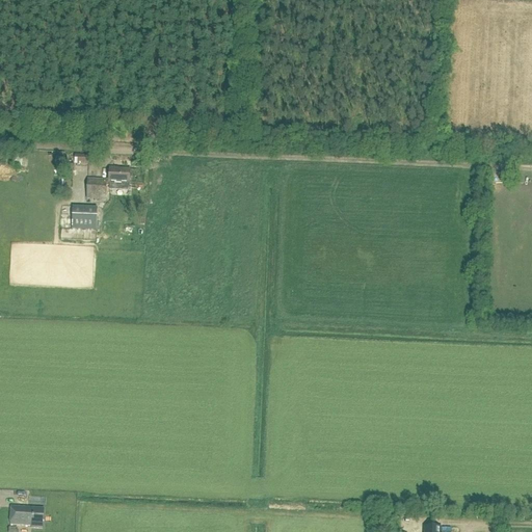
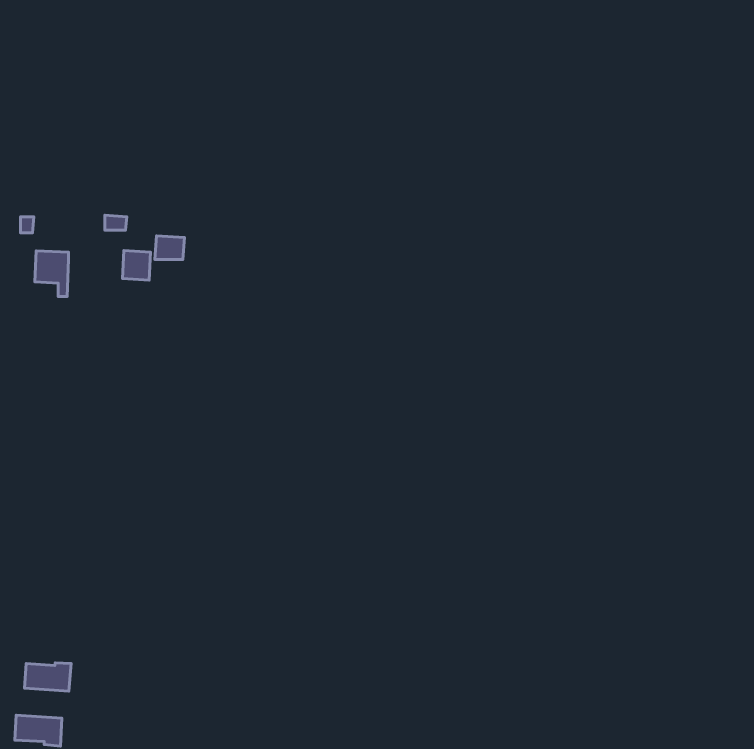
building: [73,205,97,237] -> [35,251,69,296]
building: none -> [24,663,71,691]

